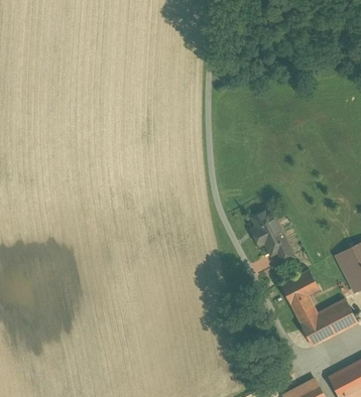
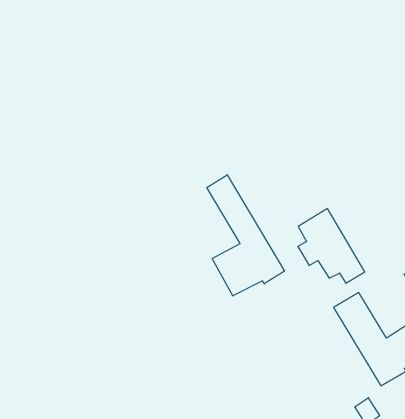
building: none -> [207,175,284,296]

